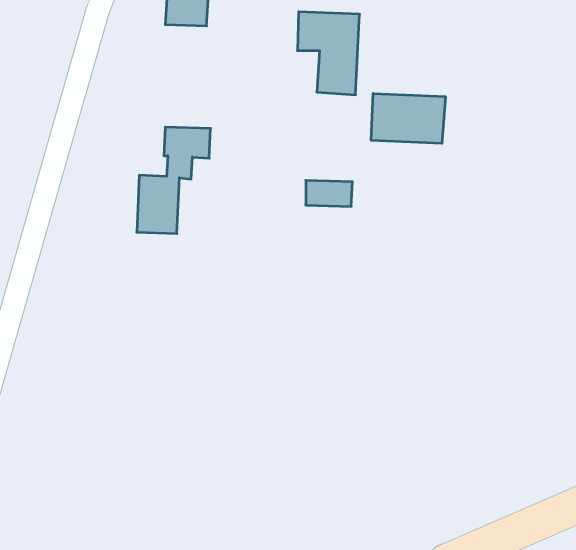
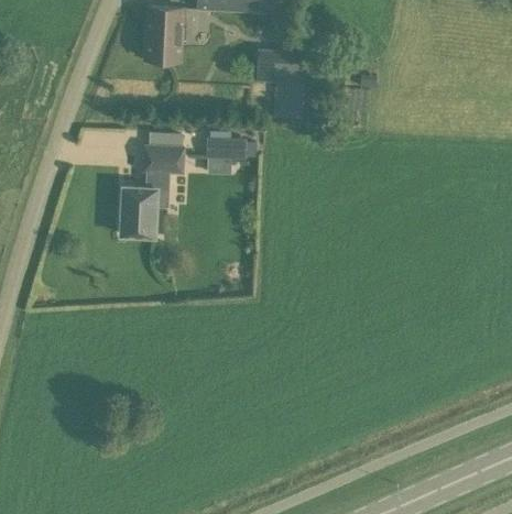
building: [371,93,445,143] -> none
building: [306,180,352,206] -> [206,138,246,160]

